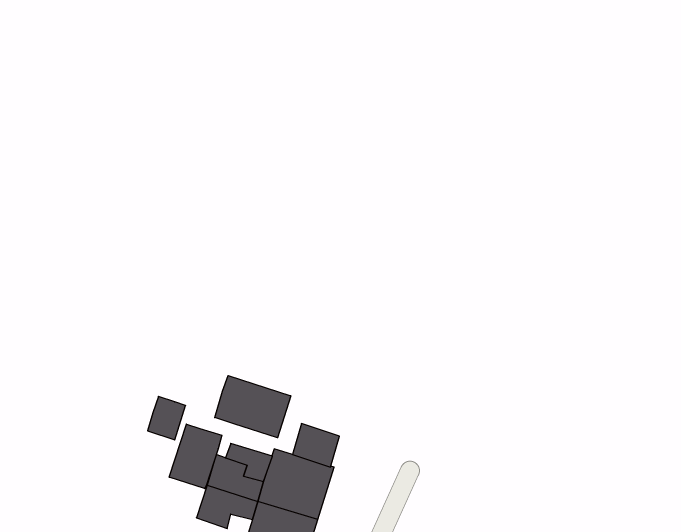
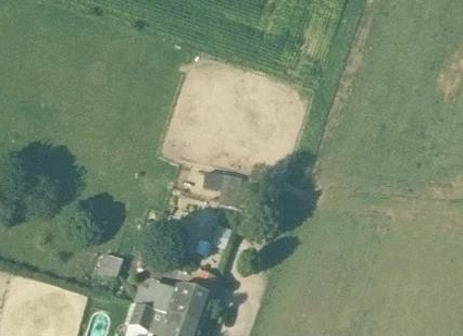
building: [215,376,291,438] -> none
building: [169,424,222,489] -> none

